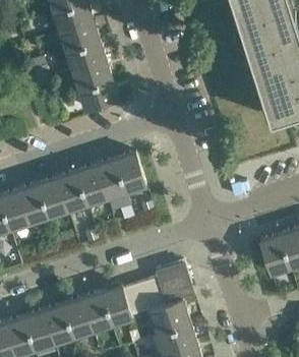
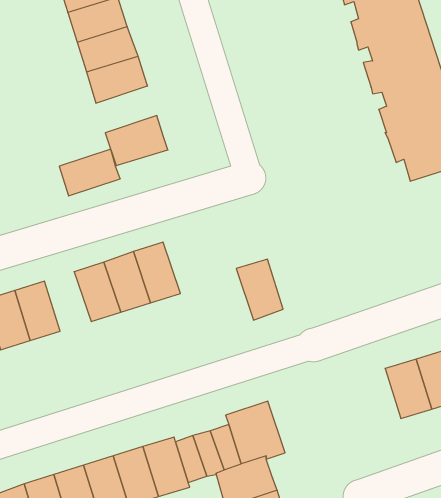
building: [71,59,111,90] -> [59,149,120,196]
building: [115,155,145,194] -> [236,259,283,320]
building: [38,180,68,219] -> none

